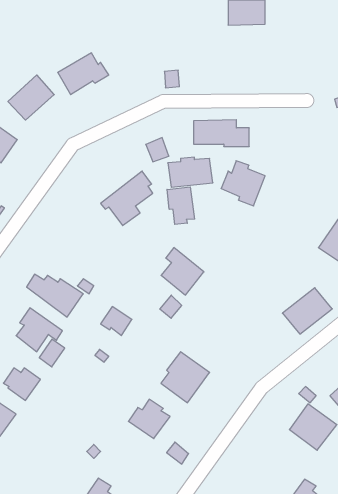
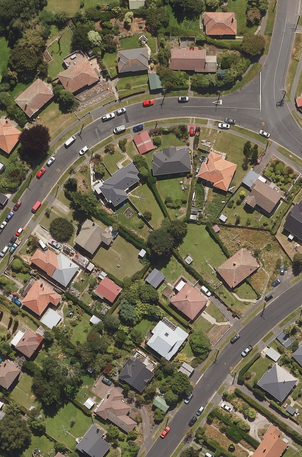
building: none -> [117,48,148,71]
building: [194,120,249,146] -> [168,48,216,71]
building: none -> [242,168,281,212]
building: [167,187,195,224] -> none
building: none -> [74,220,113,253]
building: [161,248,204,295] -> [171,278,208,319]
building: [282,288,332,334] -> [216,247,259,287]
building: none -> [92,385,139,434]

